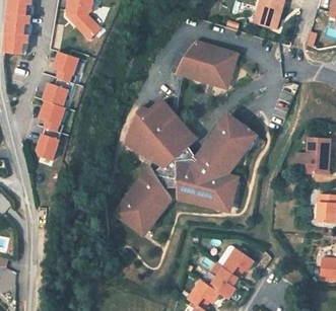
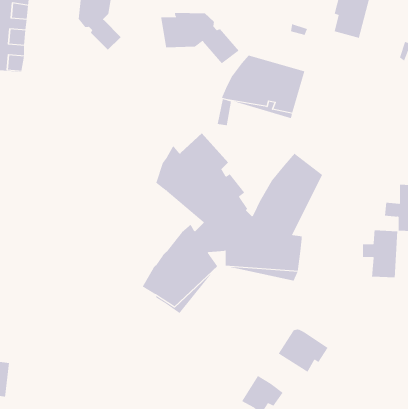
building: none -> [161,12,240,64]
building: [39,52,79,161] -> none
building: none -> [362,230,398,278]
building: [211,263,239,299] -> none

